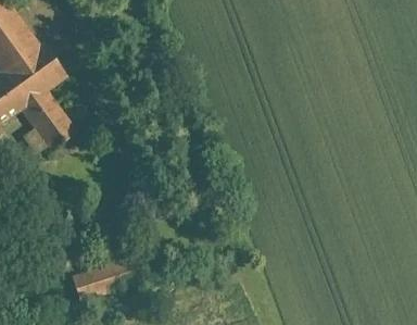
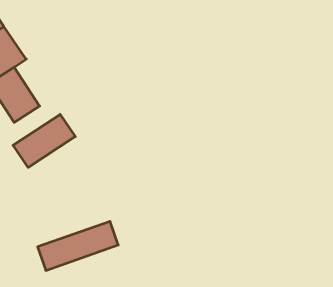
building: none -> [13,114,75,167]

